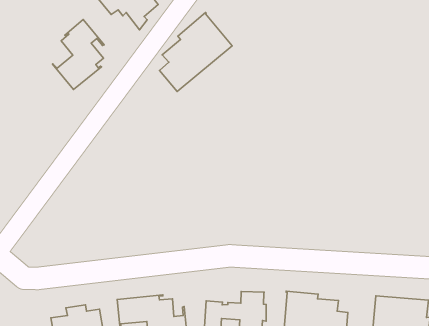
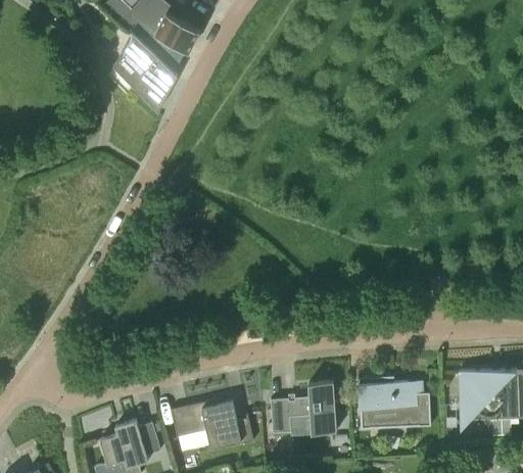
building: [160,13,232,91] -> none
building: [53,20,104,90] -> none

